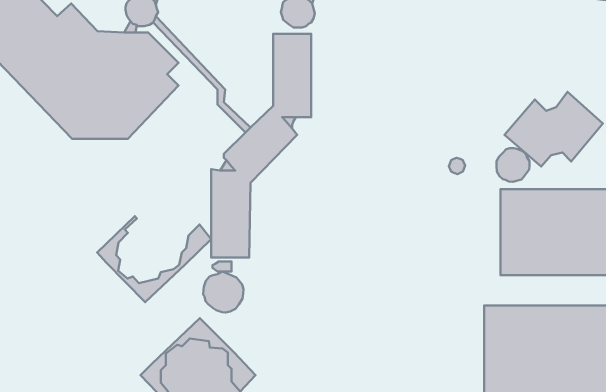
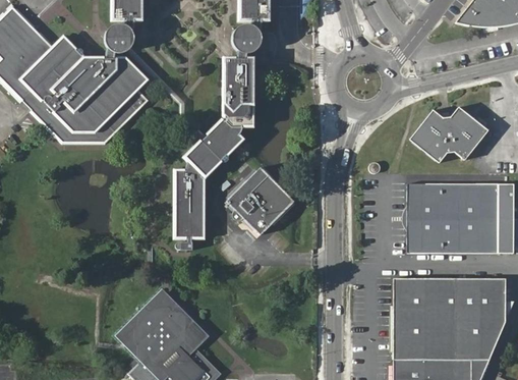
building: [496,148,530,182] -> none
building: none -> [227,167,294,234]
building: [97,216,211,302] -> none
building: [203,271,243,313] -> none

